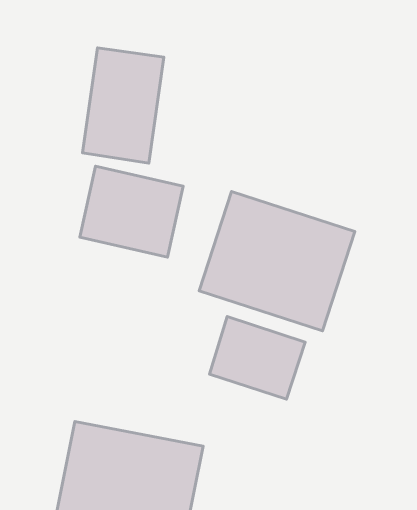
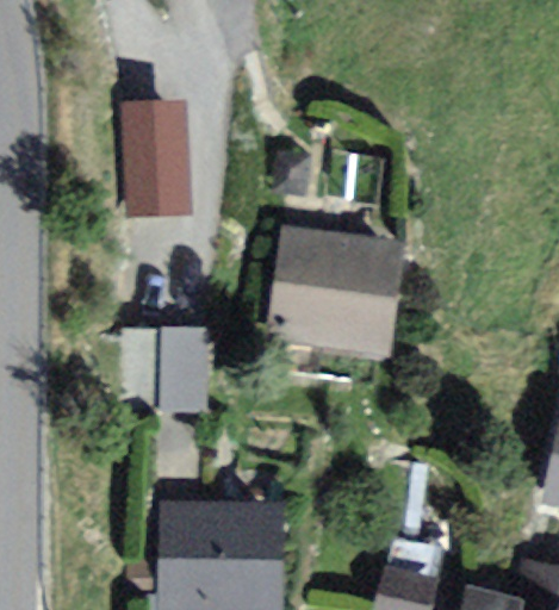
building: [80,166,183,257] -> [111,330,209,411]
building: [209,317,305,399] -> none

